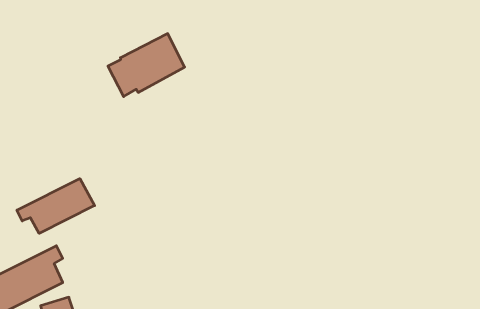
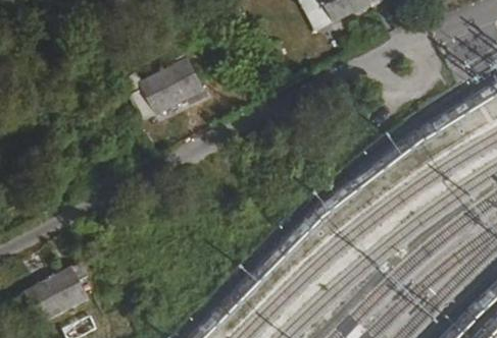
building: [17,179,95,233] -> none

